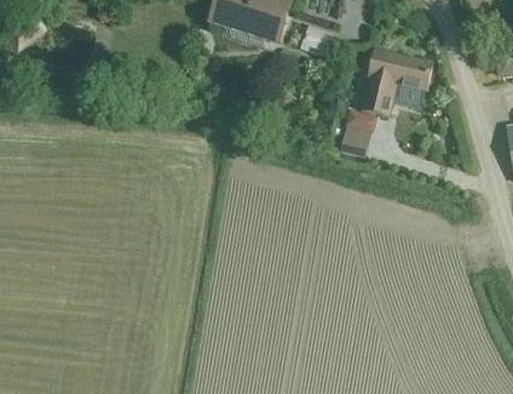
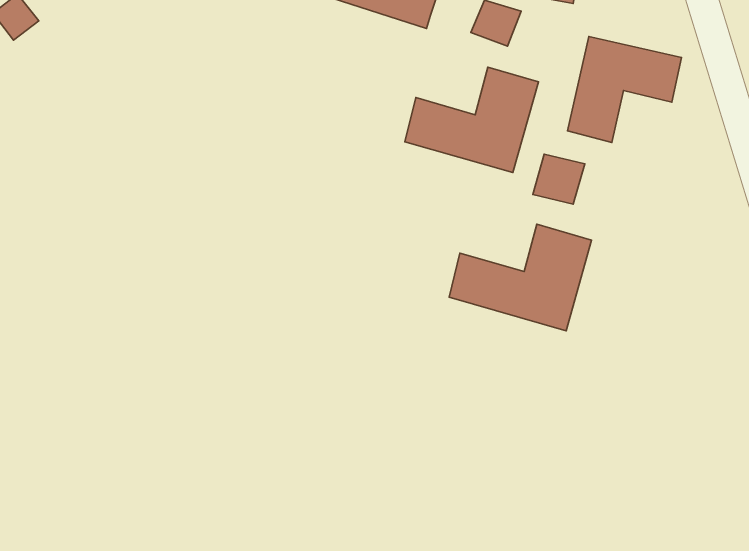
building: none -> [405,67,538,173]
building: none -> [449,224,592,331]

